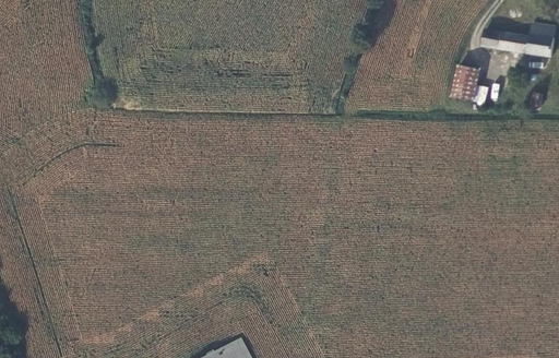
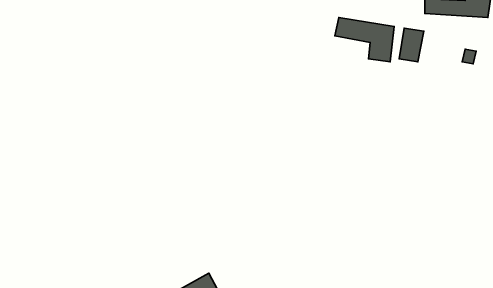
building: none -> [335,17,394,62]

